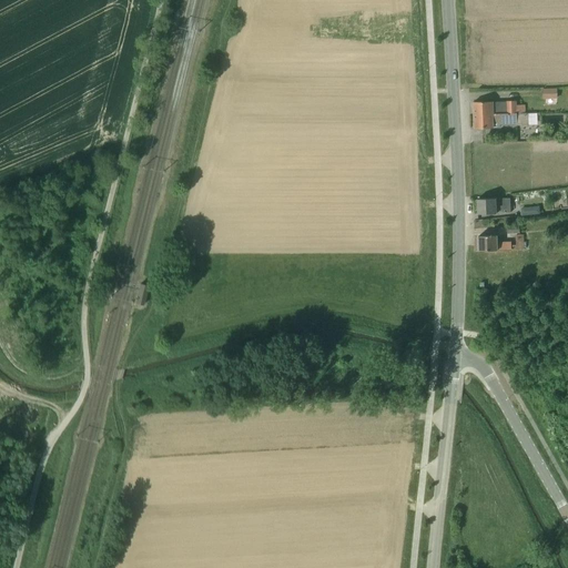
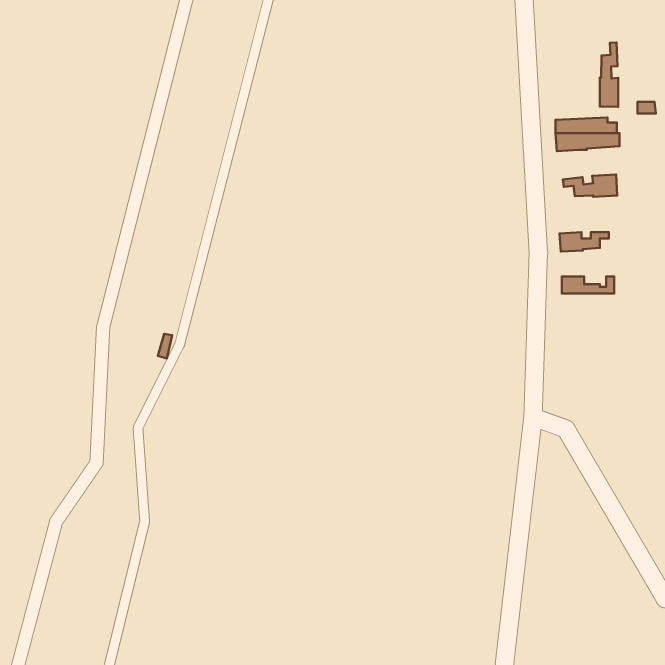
building: none -> [600,42,618,107]
building: none -> [563,174,617,197]

